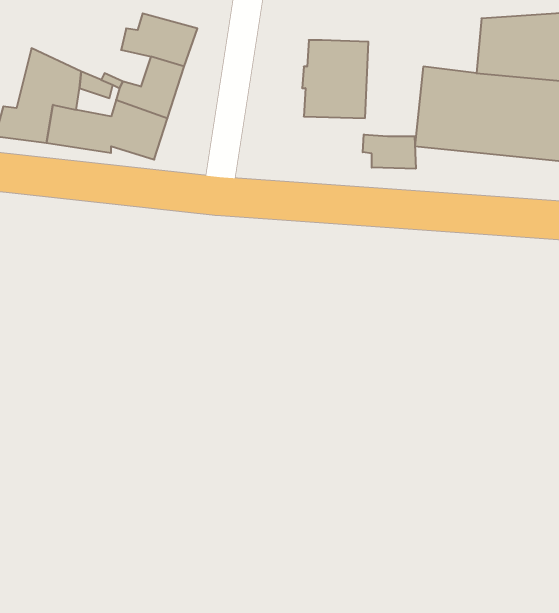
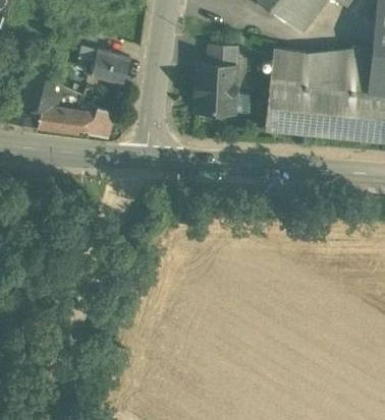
building: none -> [207,46,236,67]
building: none -> [269,49,305,86]
building: [363,134,416,169] -> none

